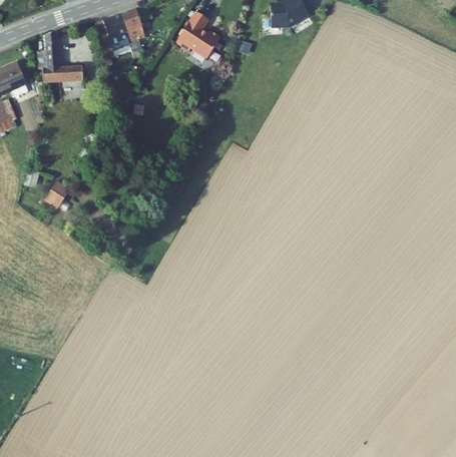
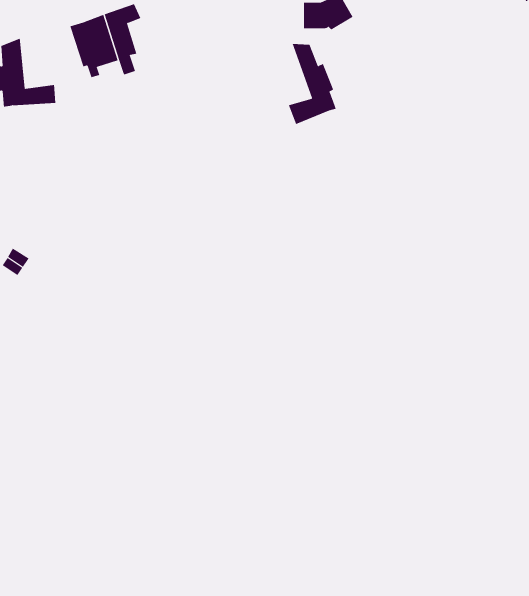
building: [174,5,219,52] -> none
building: none -> [288,43,337,125]

